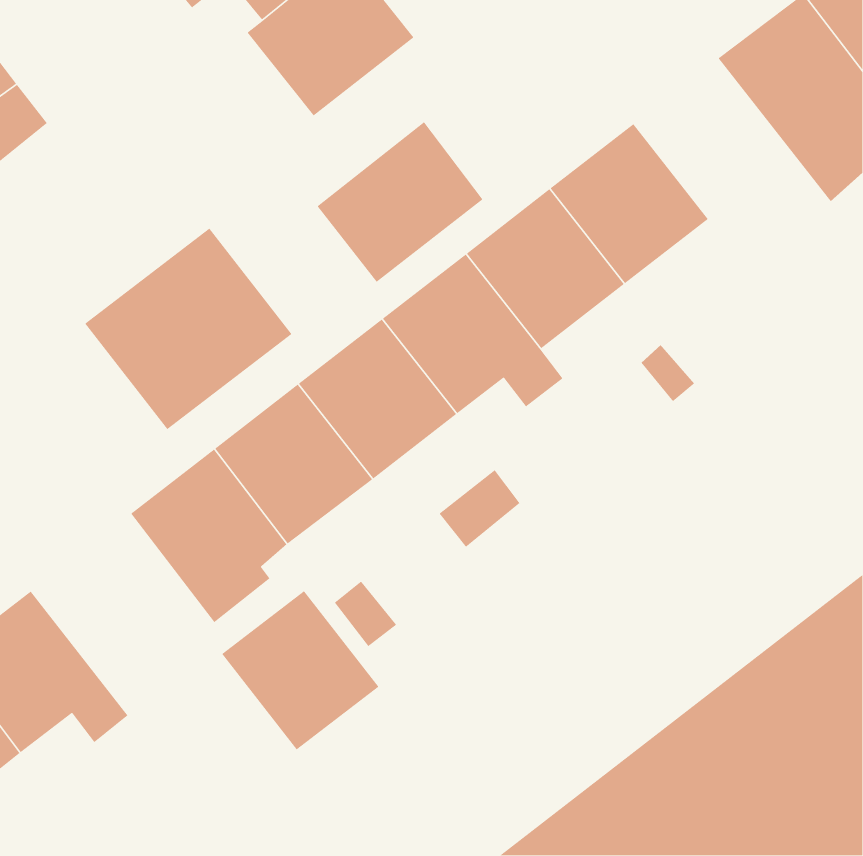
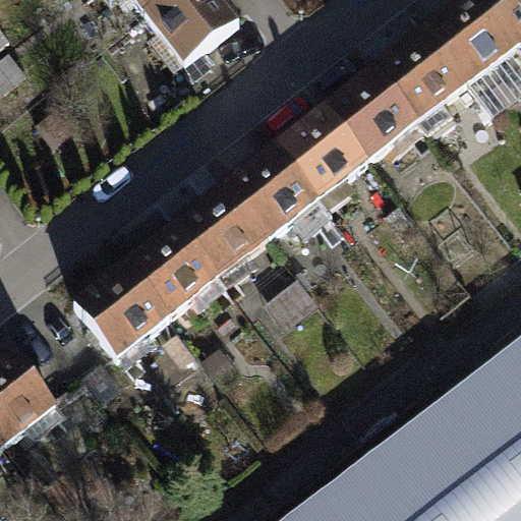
building: none -> [377,35,471,130]
building: [317,121,483,283] -> none
building: [84,227,292,430] -> none
building: [221,590,379,751] -> none

